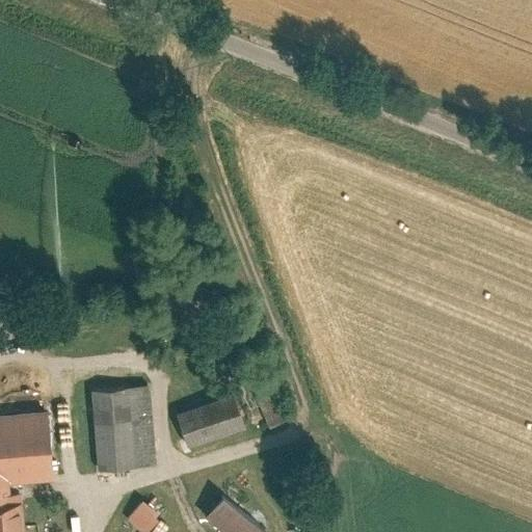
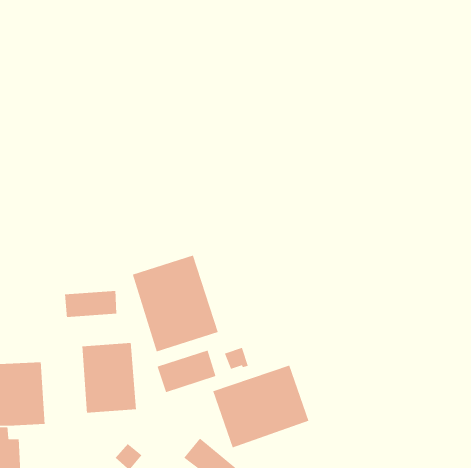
building: none -> [132,254,219,353]
building: none -> [64,290,117,318]
building: none -> [212,364,310,449]

